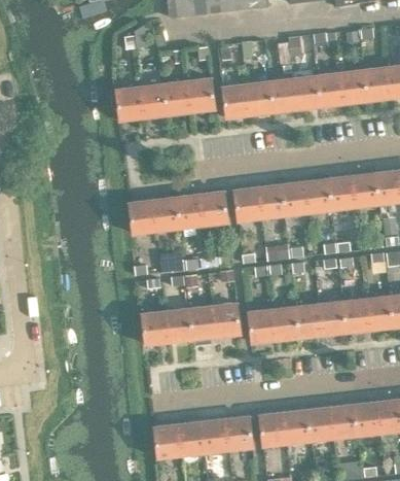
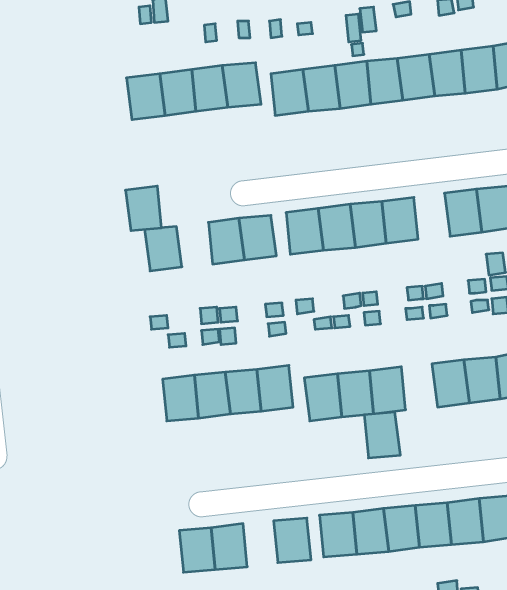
building: [328,175,355,209] -> none
building: [152,197,179,230] -> [125,186,162,231]
building: [319,302,346,336] -> [364,412,400,458]
building: [202,418,227,452] -> none

